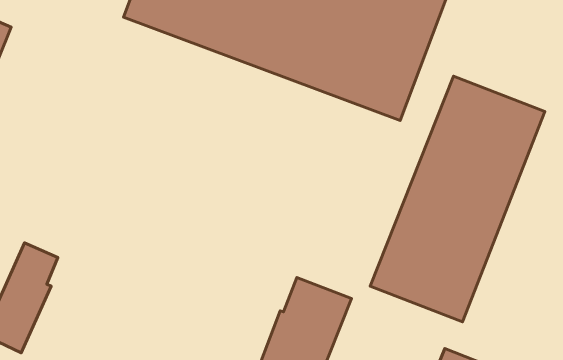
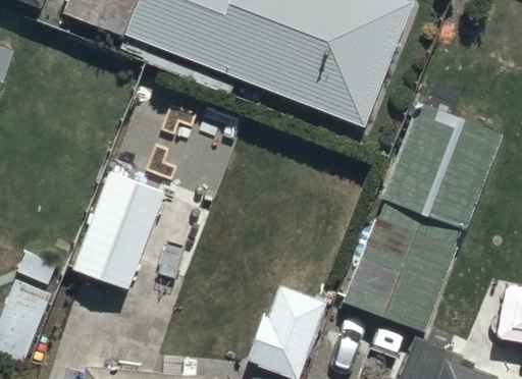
building: none -> [69,169,162,287]

